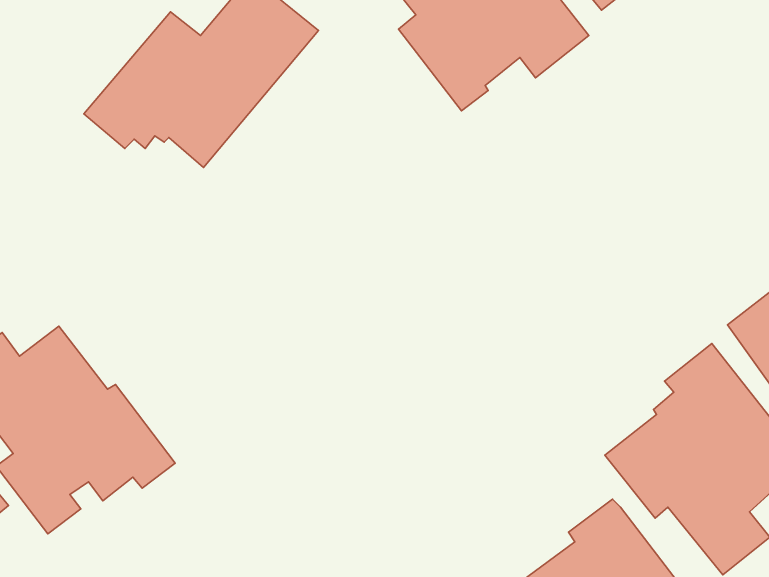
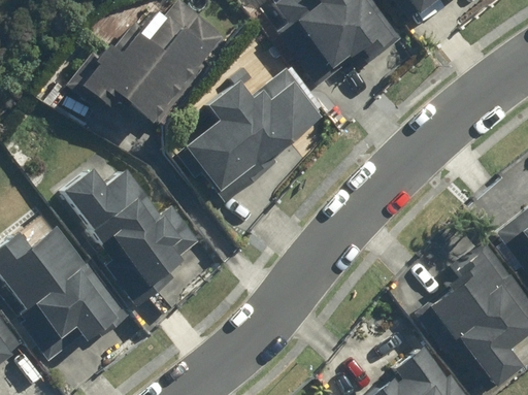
building: none -> [176,68,323,194]
building: none -> [64,169,200,308]

